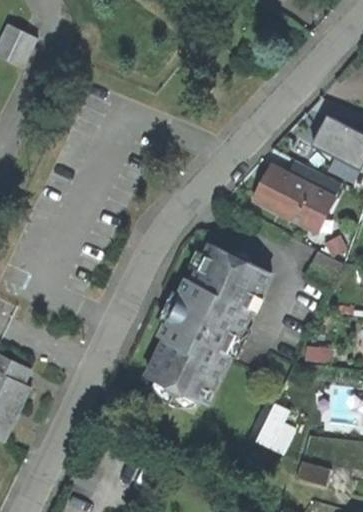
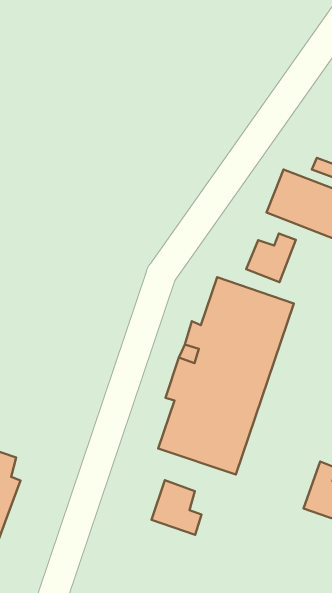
building: none -> [246,234,296,282]
building: none -> [151,480,202,535]

